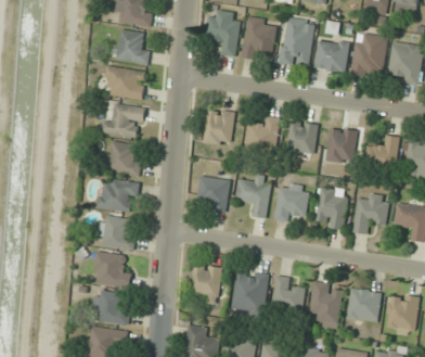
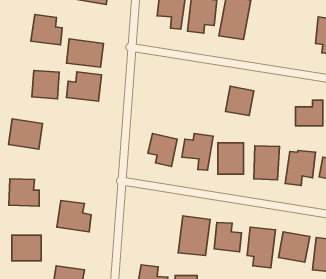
building: [113,29,149,64] -> [31,15,62,45]
building: [352,35,385,76] -> none
building: [313,39,348,73] -> none
building: [203,110,234,146] -> none
building: [244,117,280,155] -> none
building: [325,127,356,164] -> none
building: [107,142,139,175] -> [32,70,59,99]
building: [98,178,137,213] -> [9,119,43,149]
building: [99,217,133,248] -> [9,179,39,206]
building: [190,264,222,302] -> none
building: [94,293,128,322] -> [12,235,41,261]

